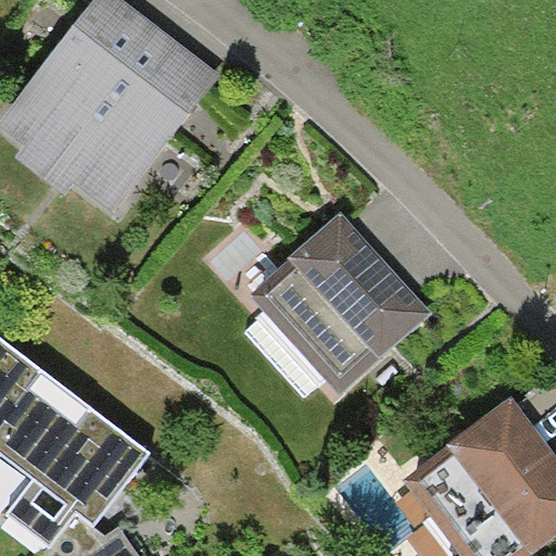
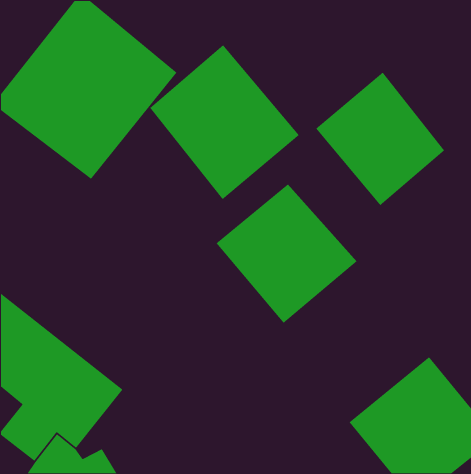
building: none -> [149,44,300,200]
building: none -> [315,72,445,206]

